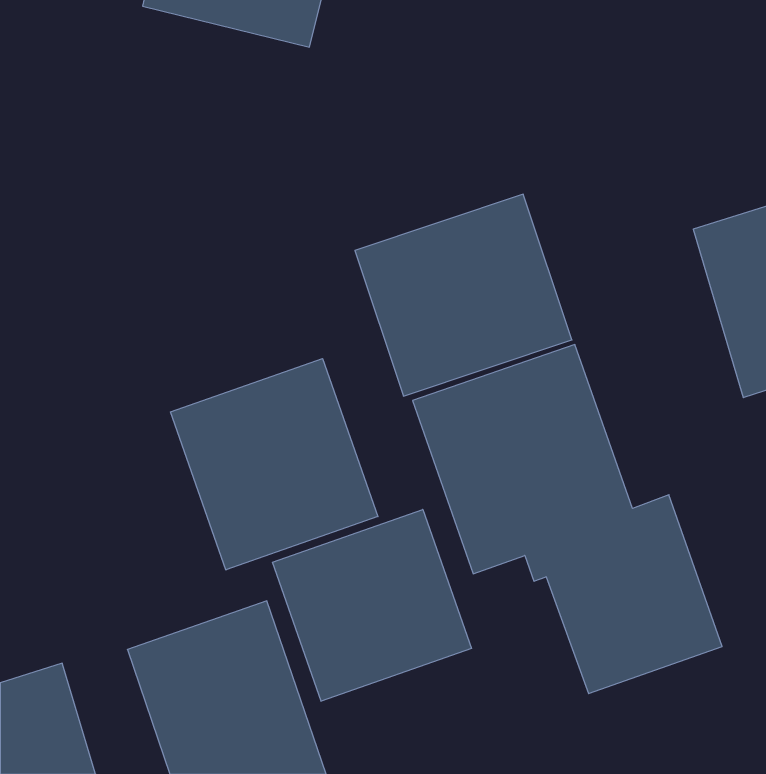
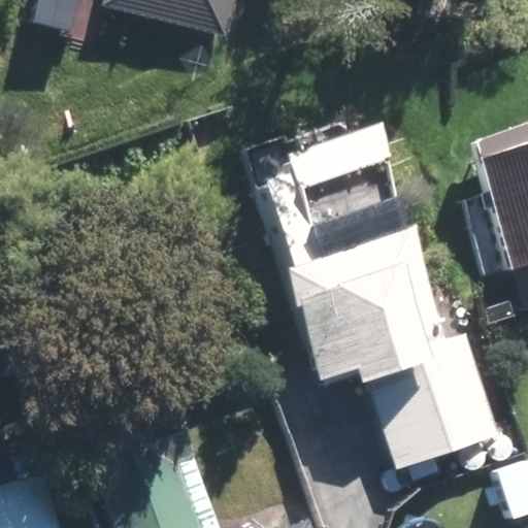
building: [171,359,378,570] -> none
building: [272,509,471,701] -> none

